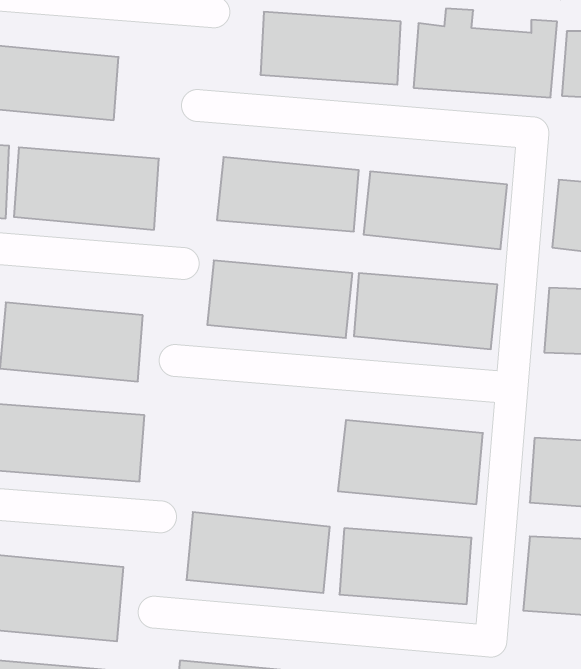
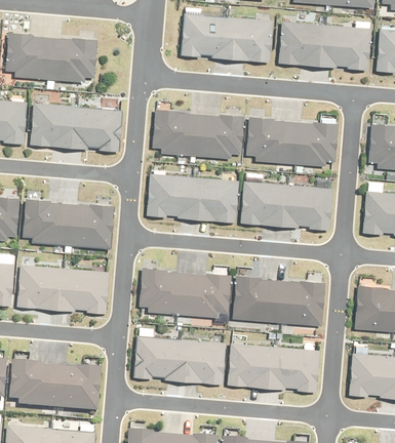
building: none -> [141,266,230,316]

